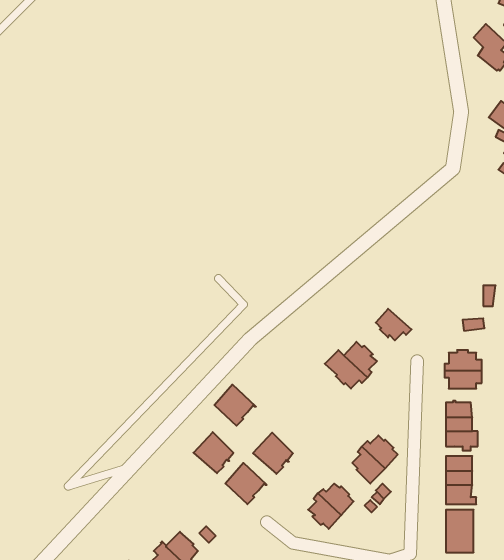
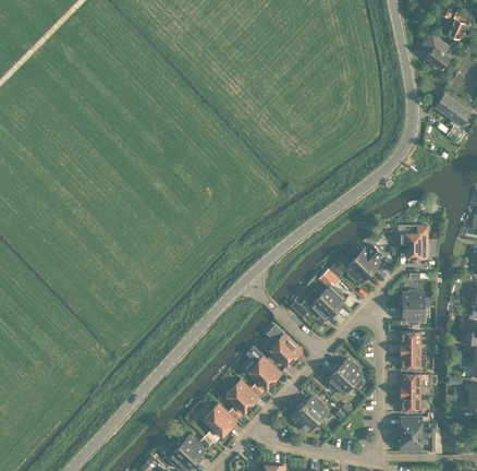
building: none -> [399,226,428,258]
building: none -> [352,245,383,275]
building: [214,385,256,426] -> [270,334,303,366]
building: [193,432,233,473] -> [204,404,235,437]

